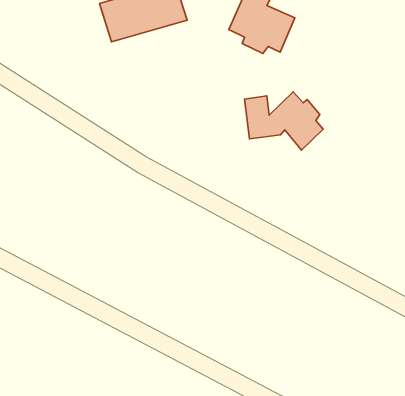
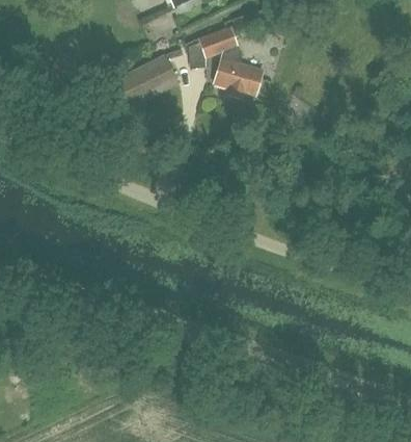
building: [245,92,323,150] -> none

